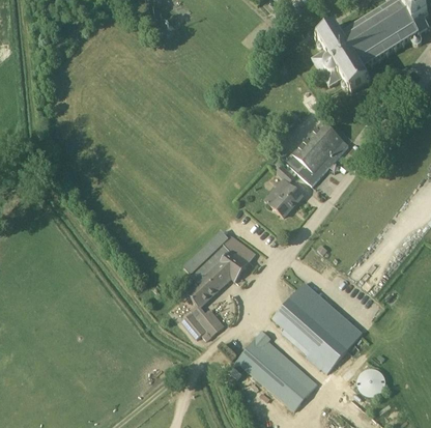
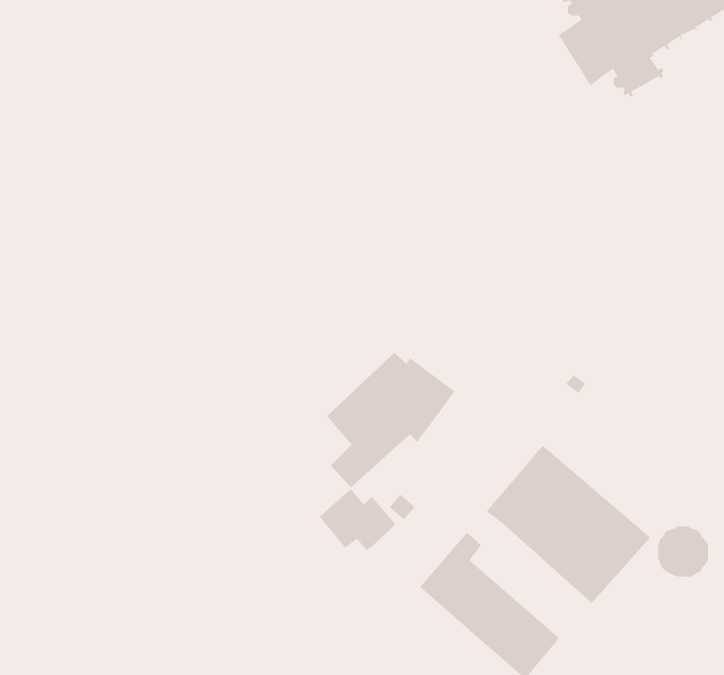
building: [287,122,348,186] -> none
building: [264,166,303,217] -> none
building: [357,368,385,396] -> [657,526,709,577]

